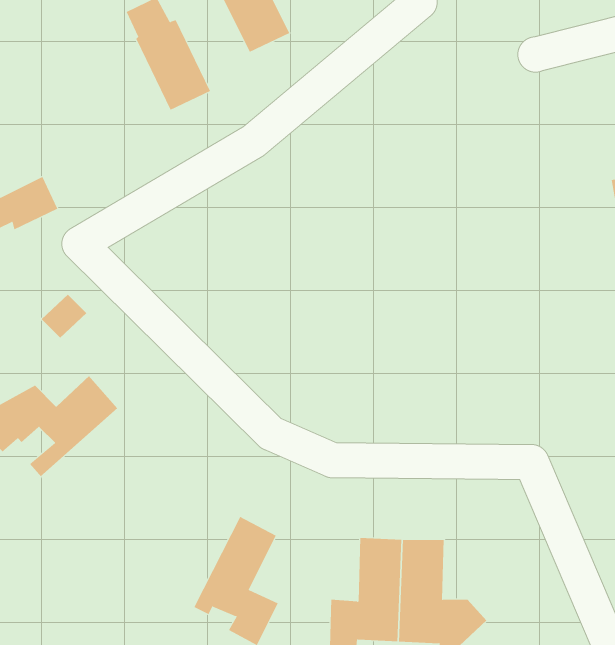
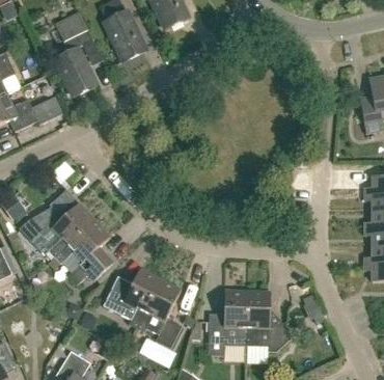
building: none -> [55,12,97,97]
building: none -> [49,220,113,284]
building: none -> [104,268,161,327]

